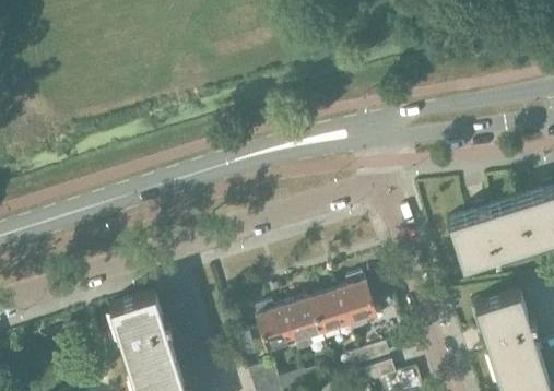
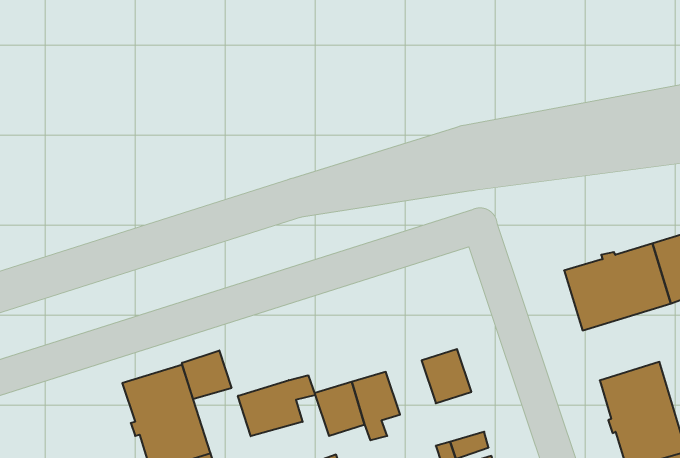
building: none -> [182,350,231,399]
building: [310,291,349,332] -> none
building: none -> [238,375,315,436]

